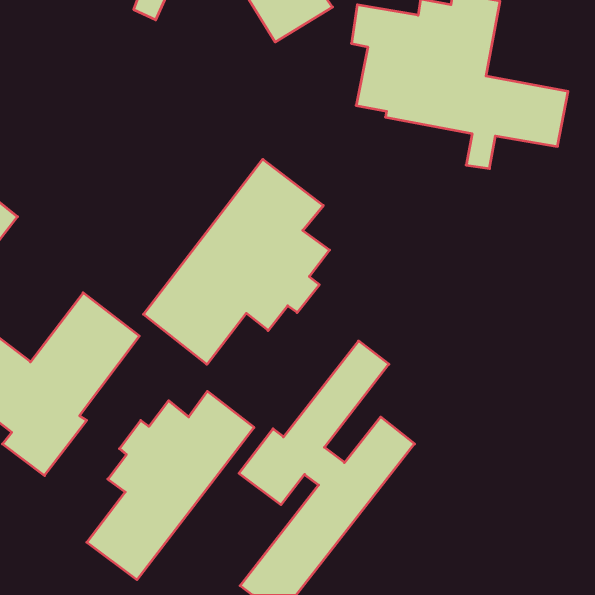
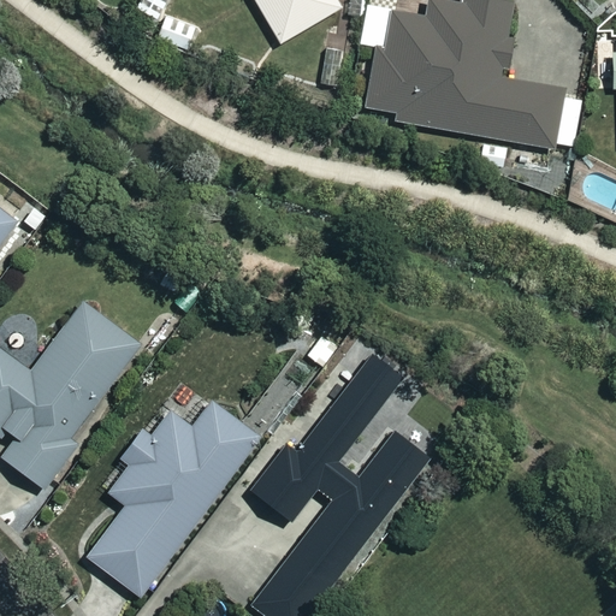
building: [143,159,330,364] -> none

